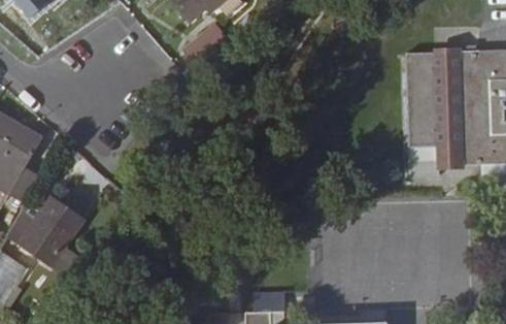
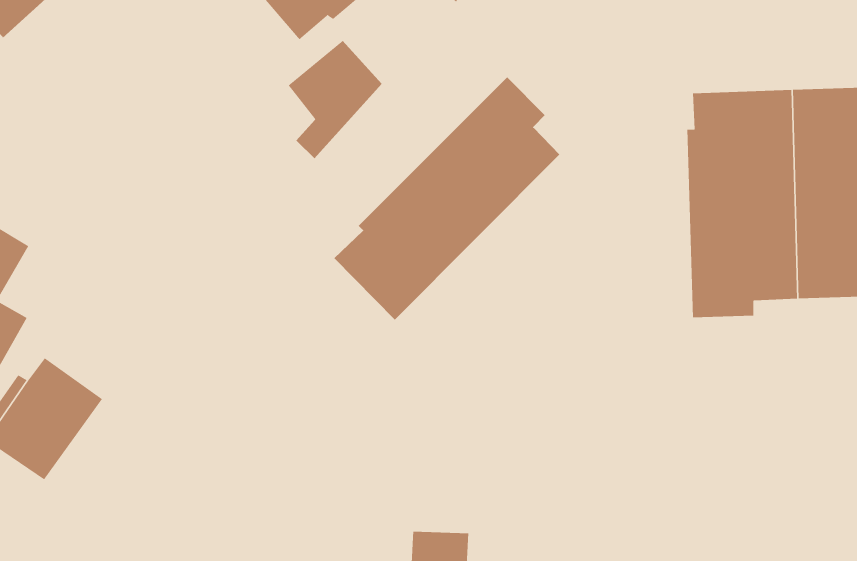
building: none -> [334,77,560,321]

